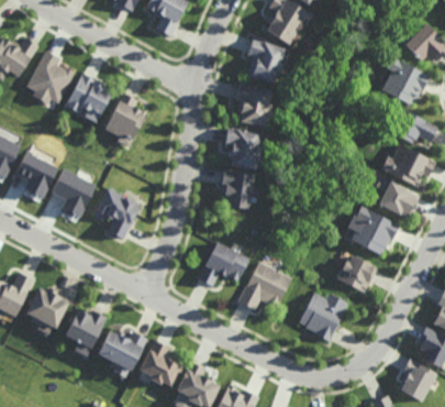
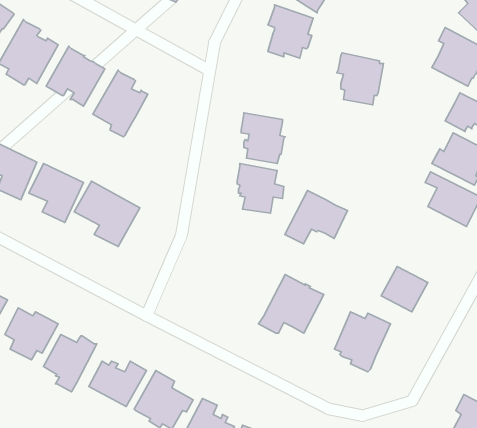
building: [234,84,272,127] -> [337,53,384,105]
building: [352,206,400,255] -> none
building: [198,242,249,286] -> [285,190,348,244]

